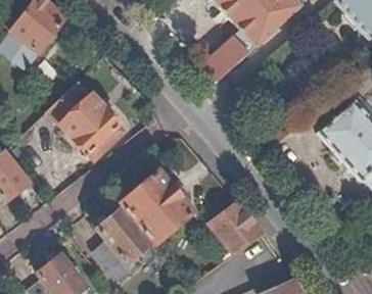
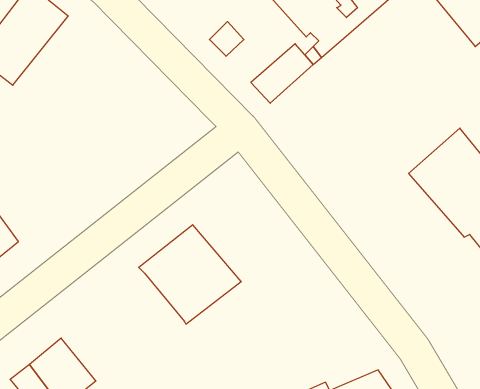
building: [46,83,126,159] -> none
building: [212,203,263,255] -> none
building: [94,207,152,281] -> none

